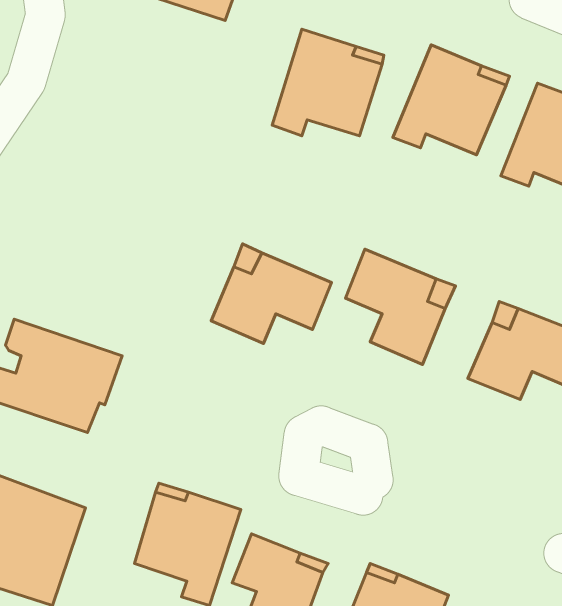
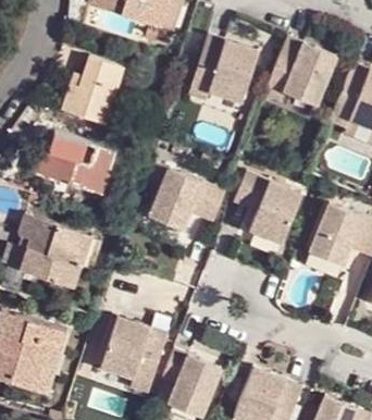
building: none -> [66,55,127,124]
building: none -> [36,131,116,193]

